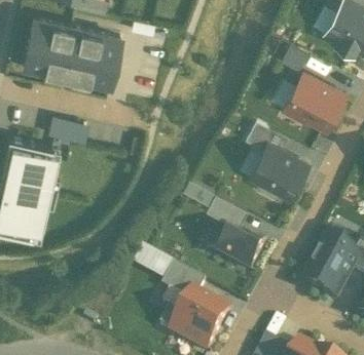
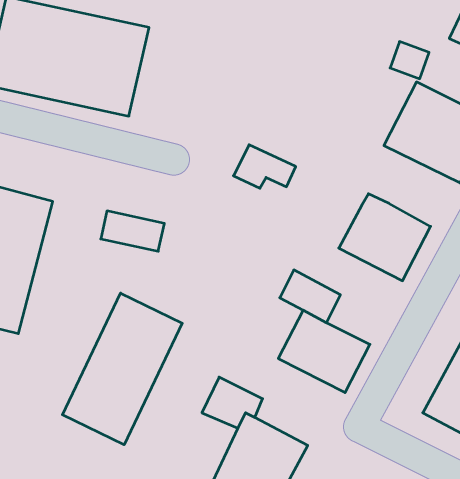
building: [47,115,89,142] -> [101,211,164,251]
building: [248,122,289,151] -> [233,145,296,188]
building: none -> [62,293,182,445]

